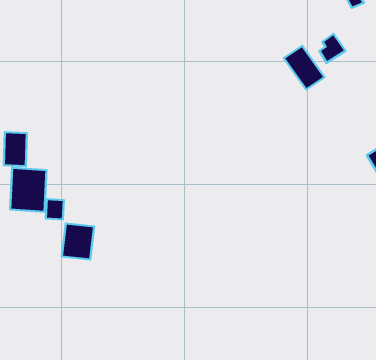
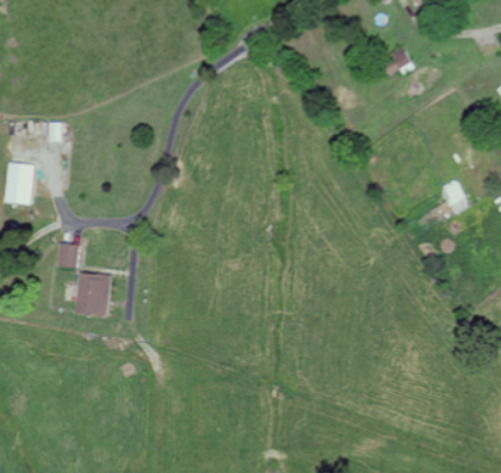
building: [284,46,324,90] -> none
building: [10,168,47,212] -> none

